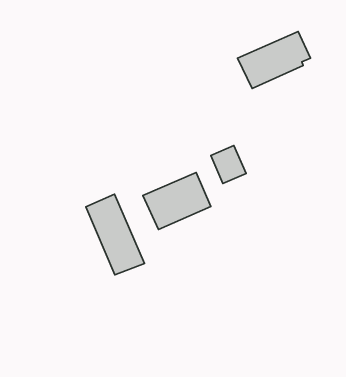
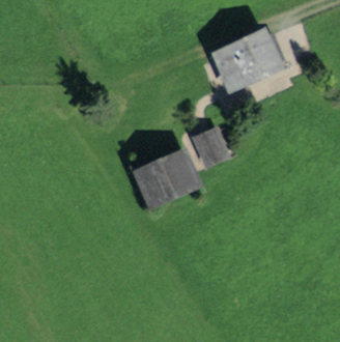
building: [86,194,144,275] -> none

